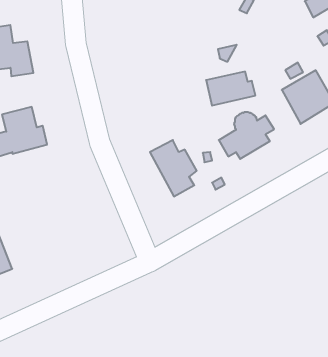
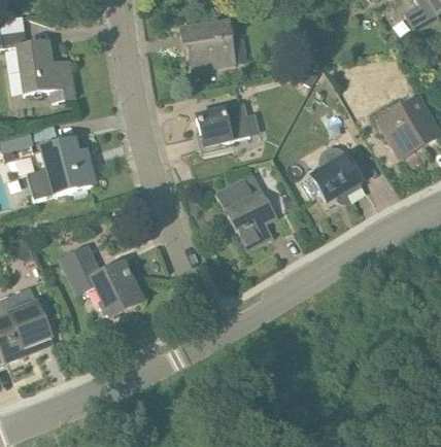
building: none -> [179,20,247,69]
building: [206,72,255,106] -> [197,105,257,146]
building: none -> [59,241,142,316]

